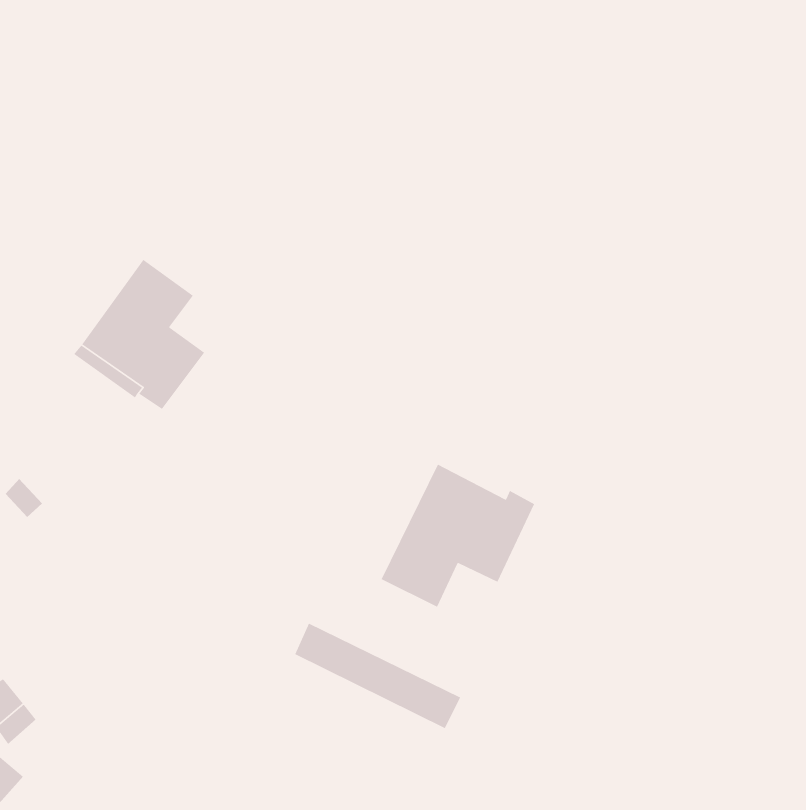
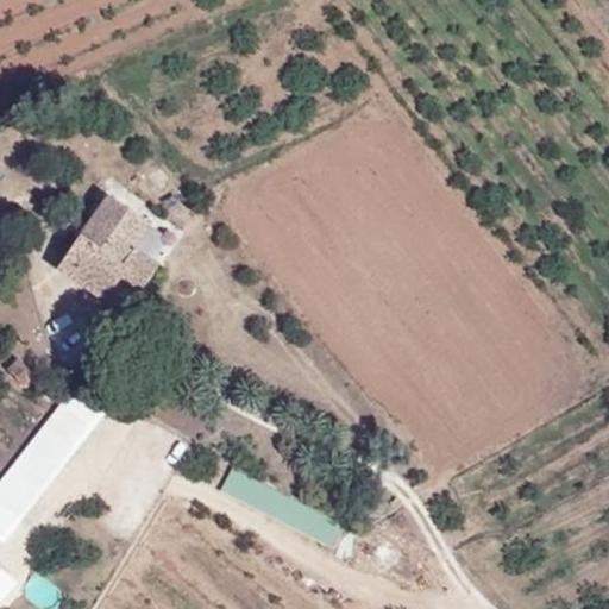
building: [381,463,535,608] -> none

